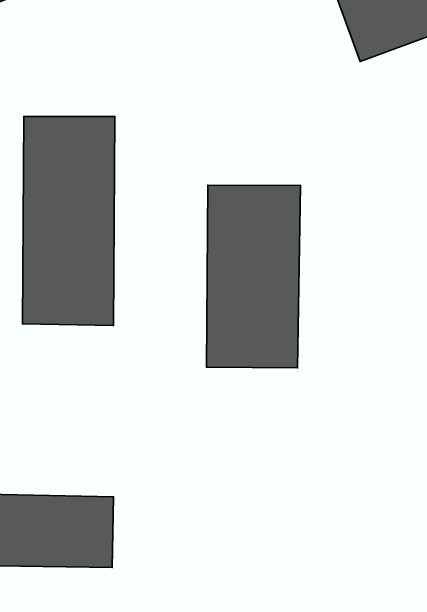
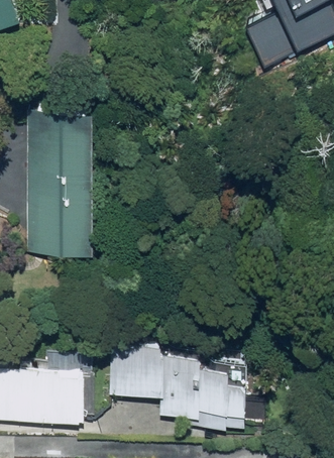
building: [207,185,301,368] -> none
building: none -> [109,348,249,429]

